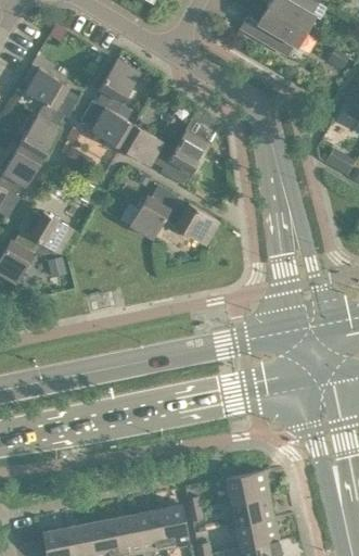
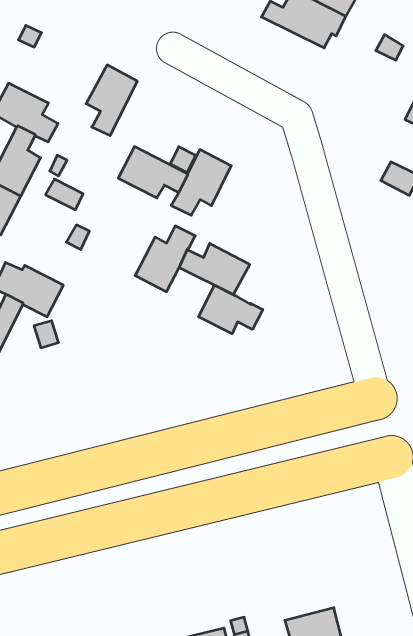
building: [82,101,133,149] -> none
building: none -> [199,285,263,334]
building: [225,471,268,503] -> none

